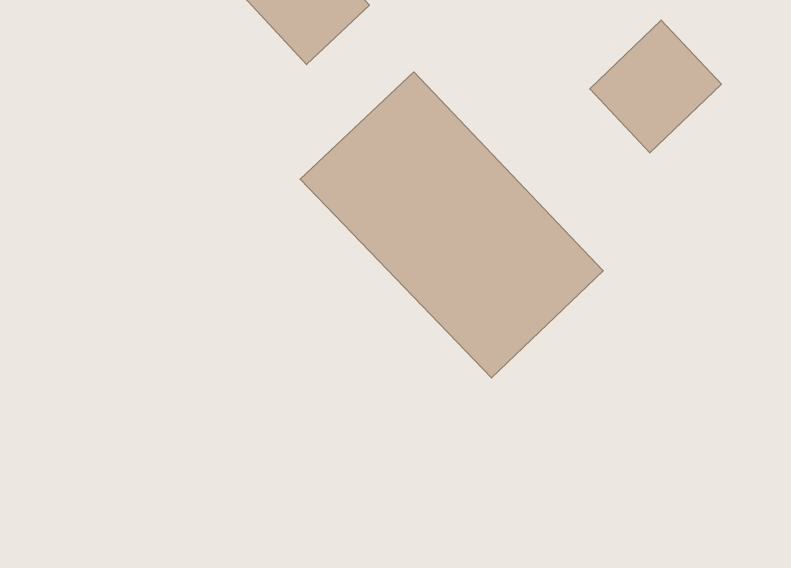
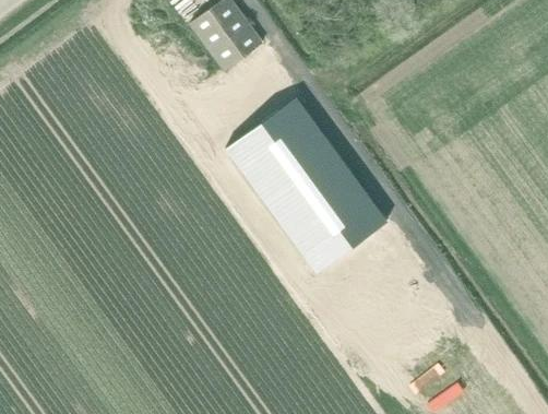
building: [590,20,721,153] -> none

